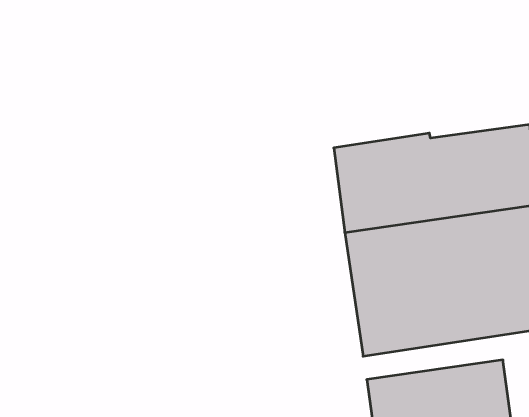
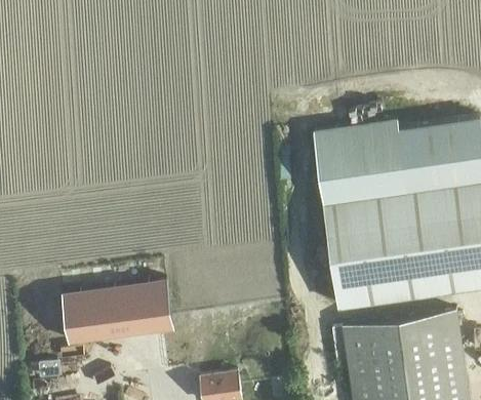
building: none -> [63,282,172,346]

